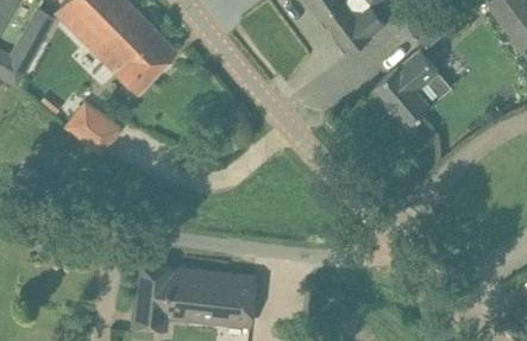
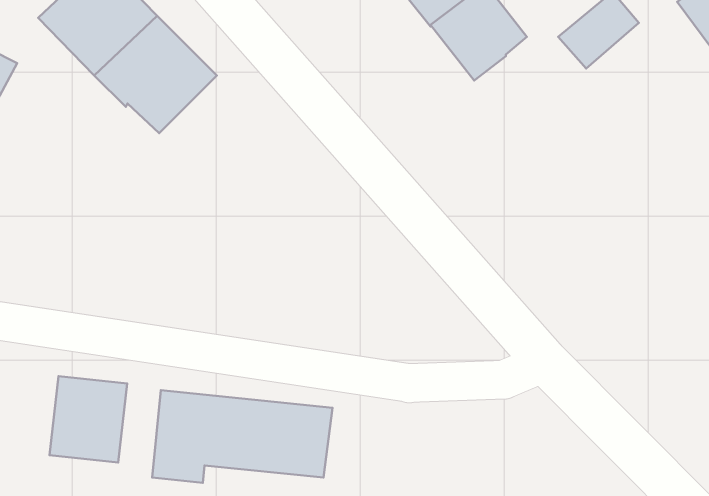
building: [376,51,443,125] -> none
building: [65,105,118,154] -> none
building: none -> [50,376,127,462]

